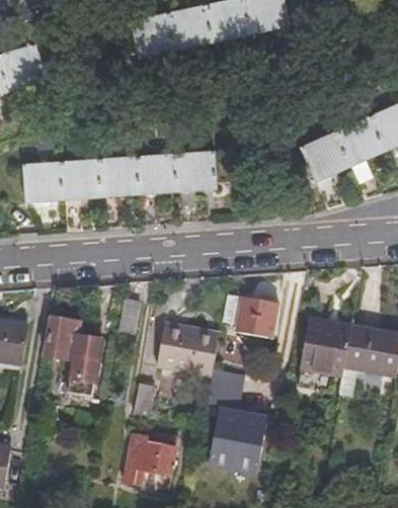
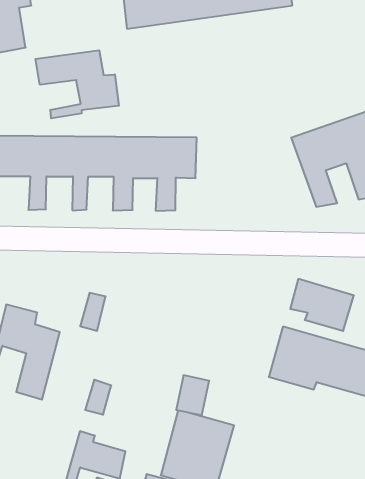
building: none -> [35,50,119,118]
building: [224,292,282,337] -> [290,279,354,331]
building: [158,325,221,376] -> none

